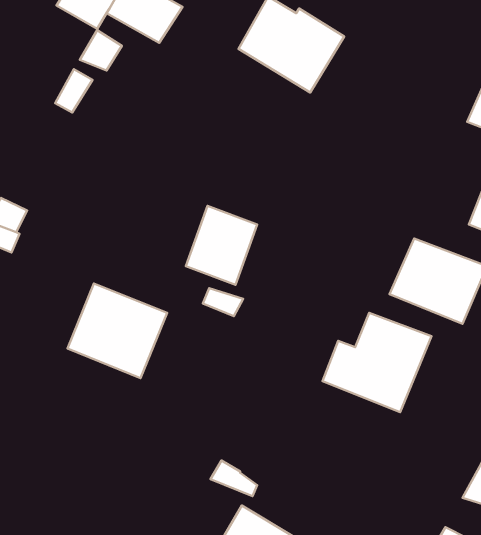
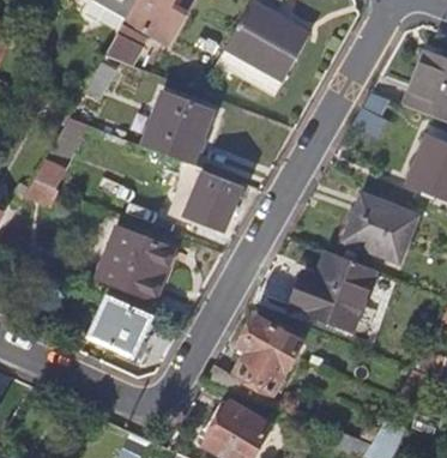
building: none -> [141,92,210,163]
building: none -> [89,299,149,356]
building: none -> [235,317,300,390]

